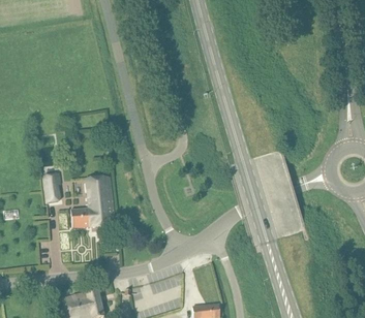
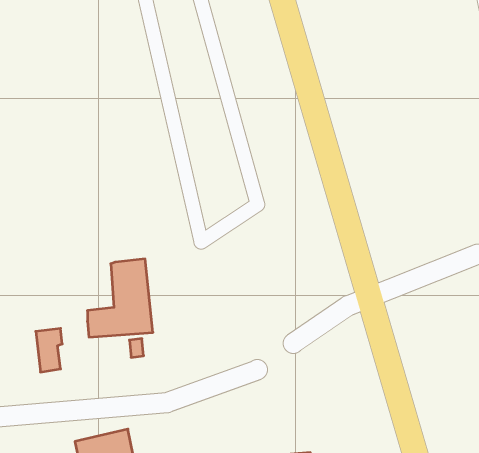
building: [43,172,61,201] -> [36,328,62,372]

